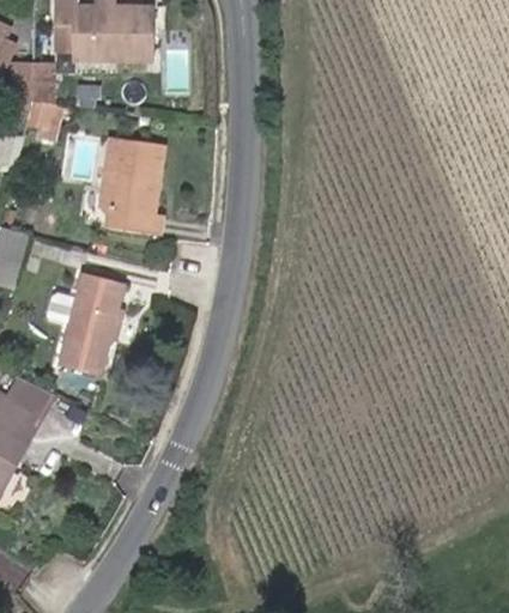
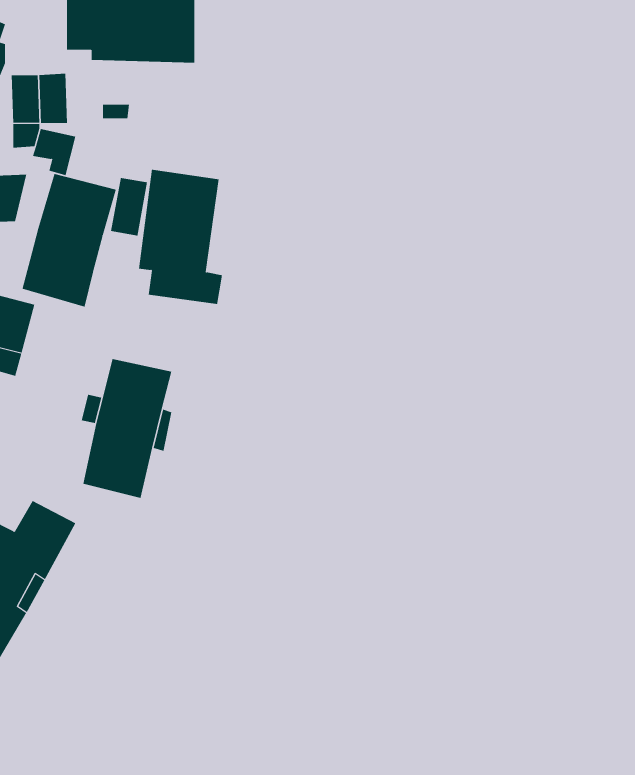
building: none -> [22,173,116,307]

